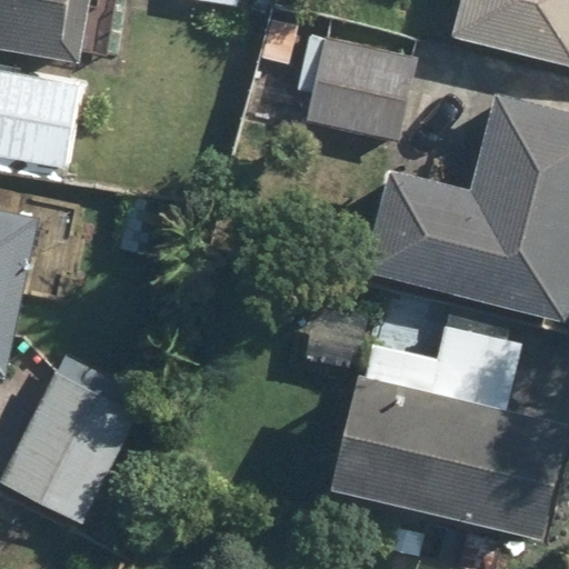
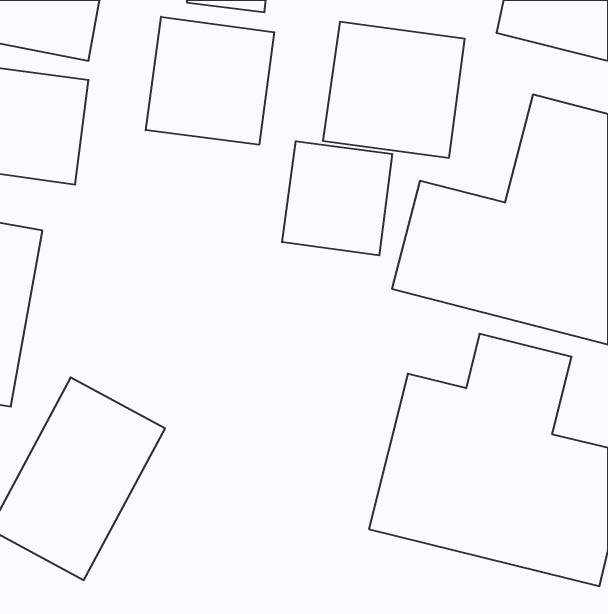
building: none -> [146,17,274,145]
building: none -> [282,141,392,255]

